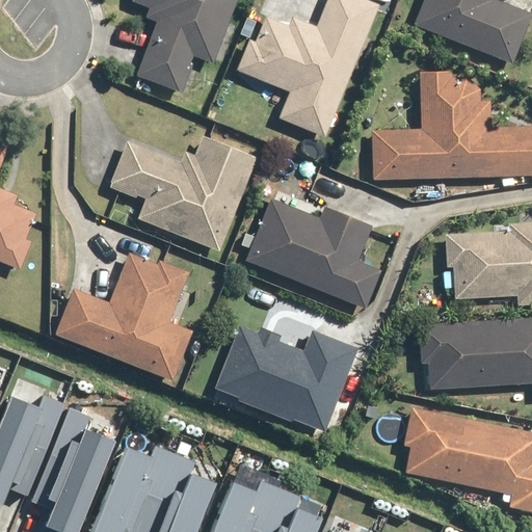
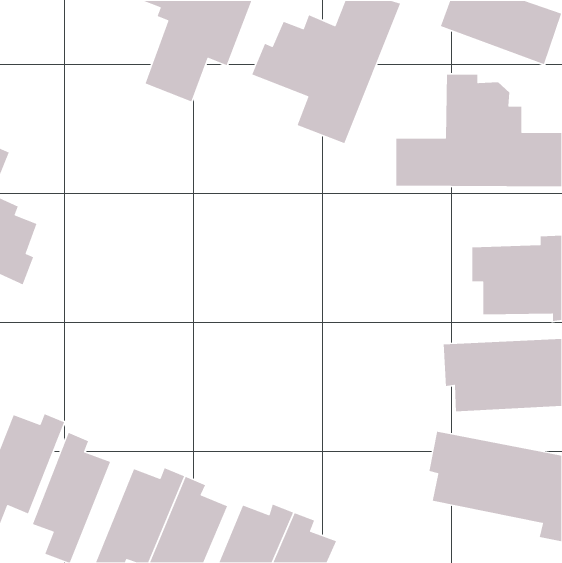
building: [106,133,259,252] -> none
building: [248,200,383,308] -> none
building: [53,248,194,380] -> none
building: [216,327,358,430] -> none

